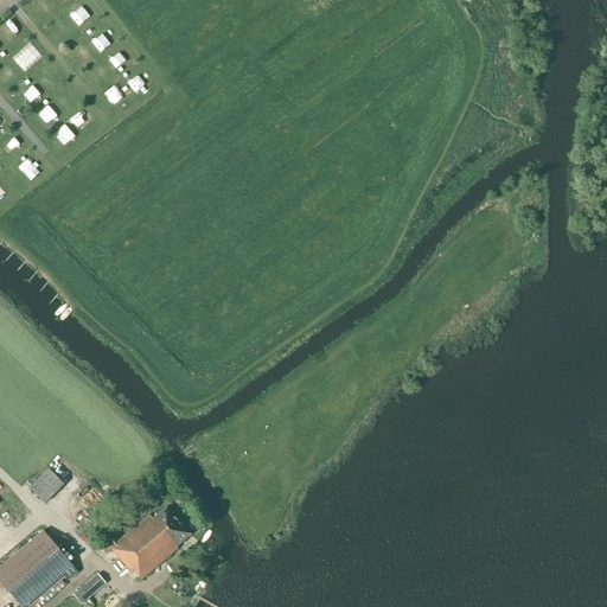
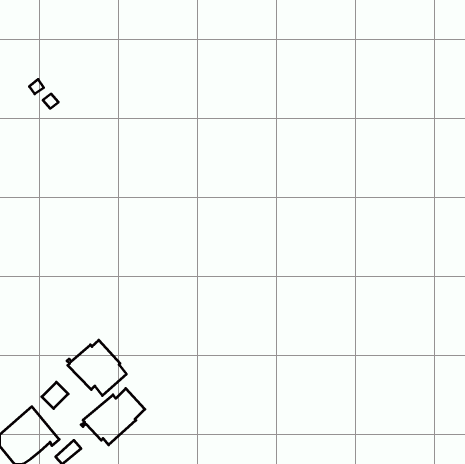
building: none -> [67,340,126,396]
building: [28,467,63,501] -> [42,382,68,409]

